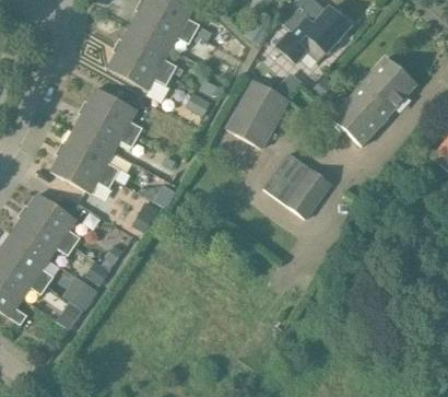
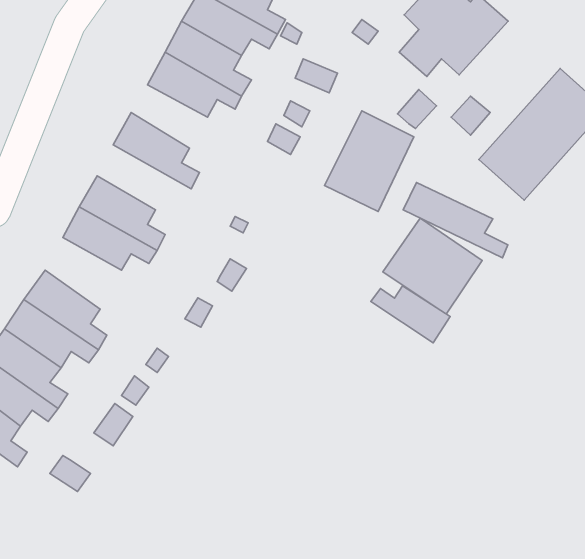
building: [73,107,137,151] -> none
building: none -> [403,183,508,258]
building: none -> [371,286,450,343]

